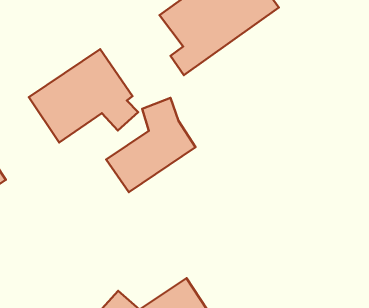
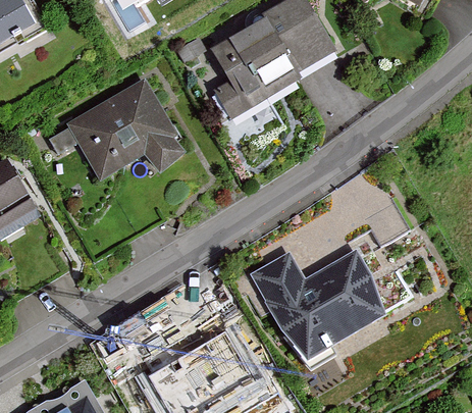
building: [106,98,196,192] -> none
building: none -> [252,252,383,358]

